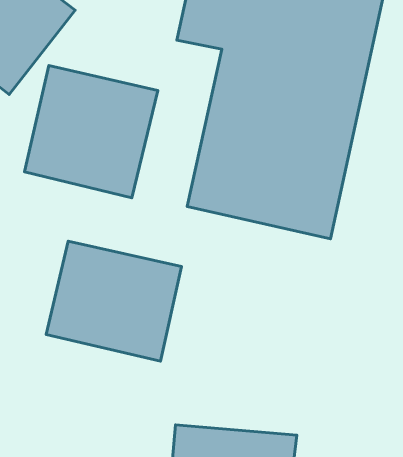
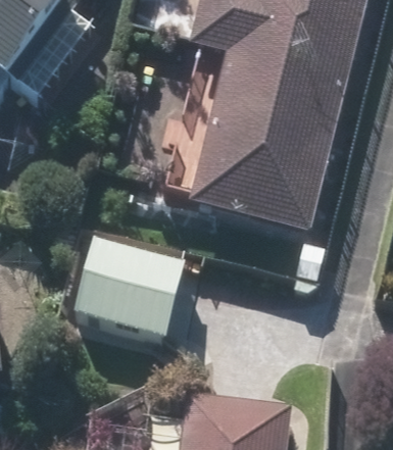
building: [24,65,158,198] -> none

